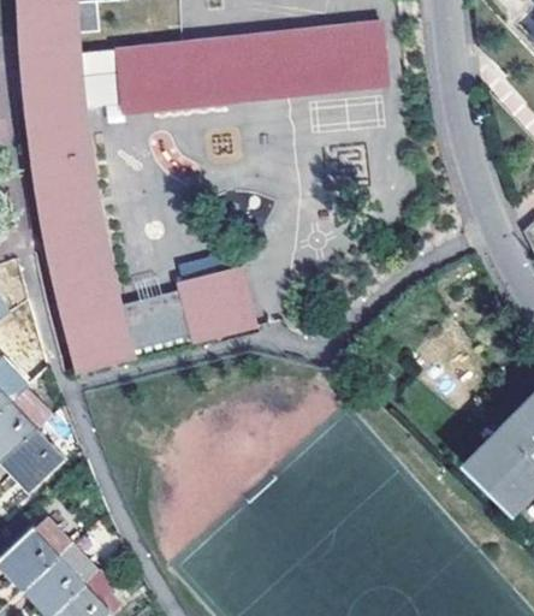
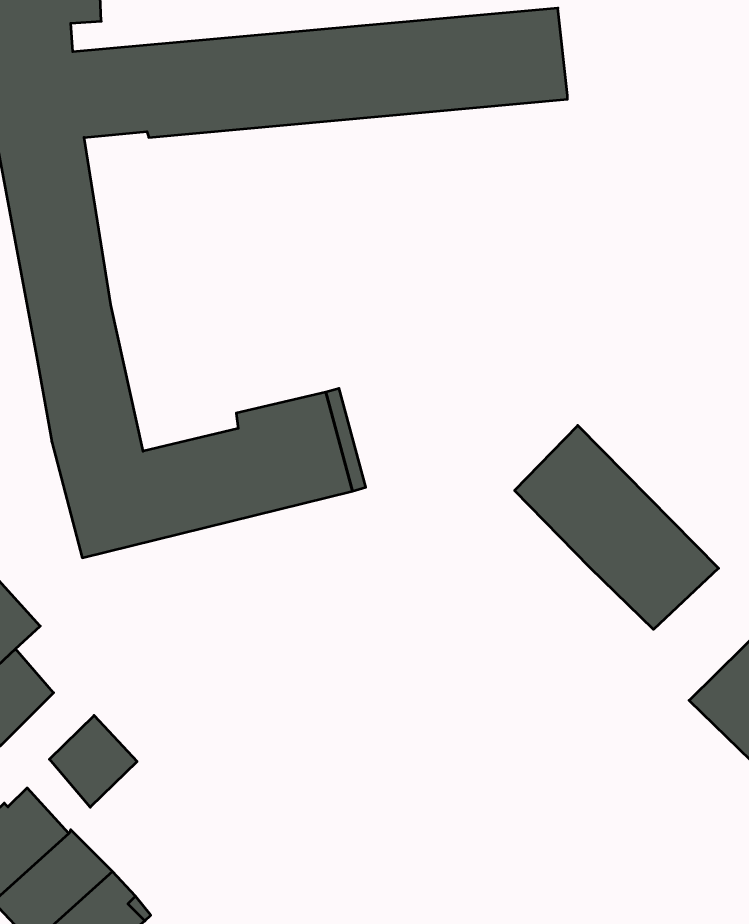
building: none -> [515,425,719,629]
building: none -> [49,715,137,807]

